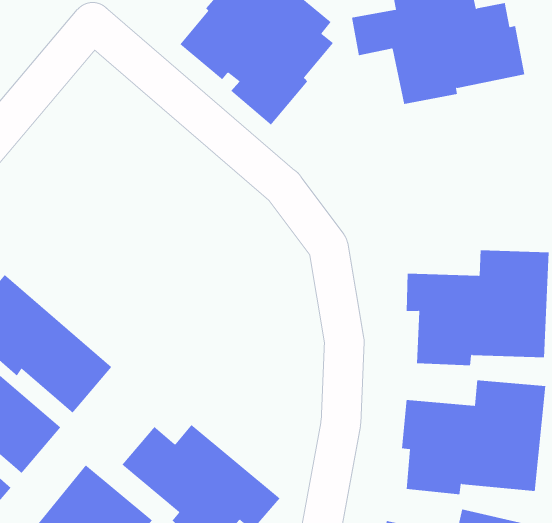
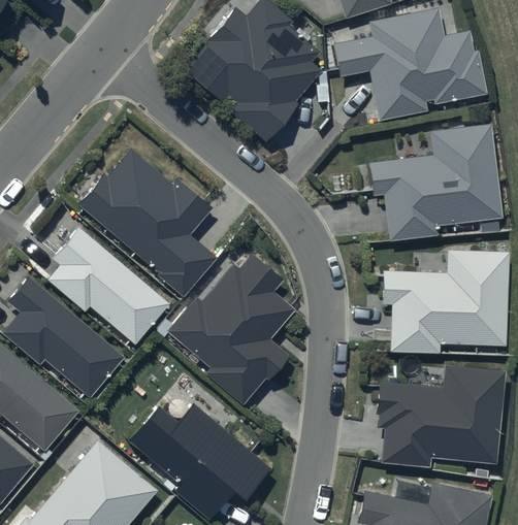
building: none -> [365,120,499,237]
building: none -> [75,146,215,296]
building: none -> [45,223,167,342]
building: none -> [170,257,294,404]

